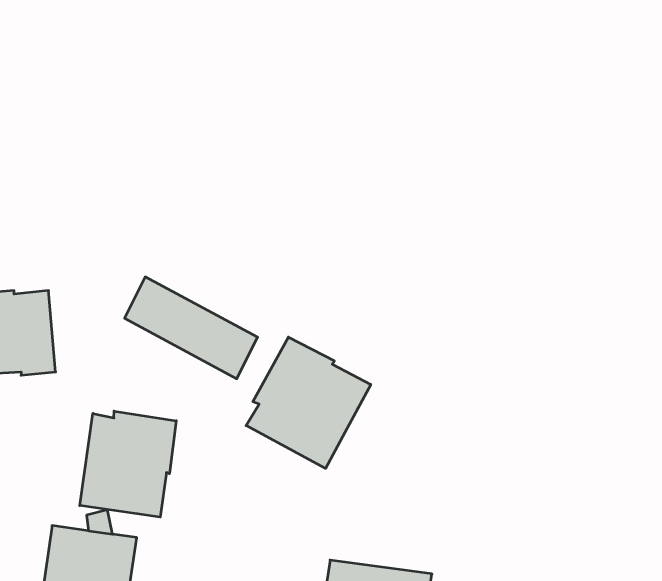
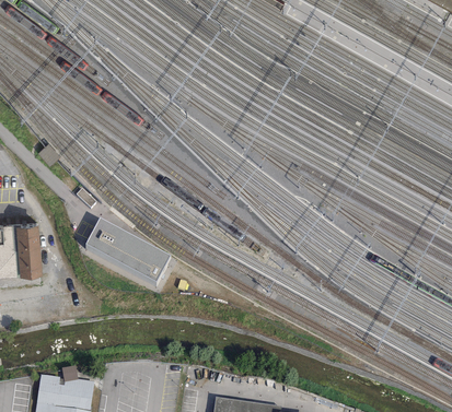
building: [246,337,371,468] -> none
building: [80,411,176,517] -> none

